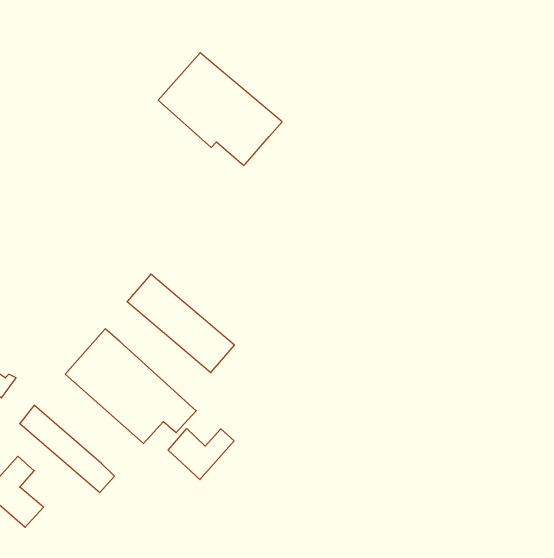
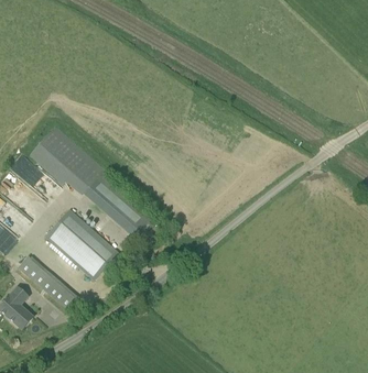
building: [158,53,282,166] -> [30,125,105,194]
building: [168,429,234,480] -> none

